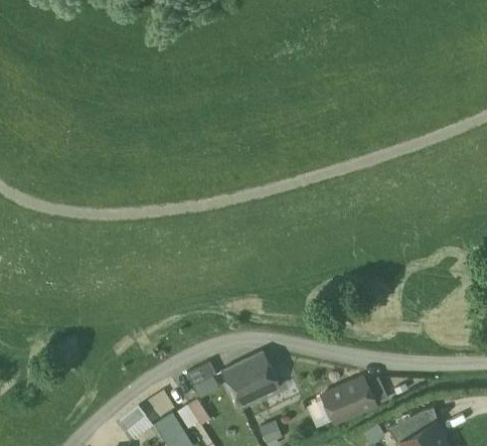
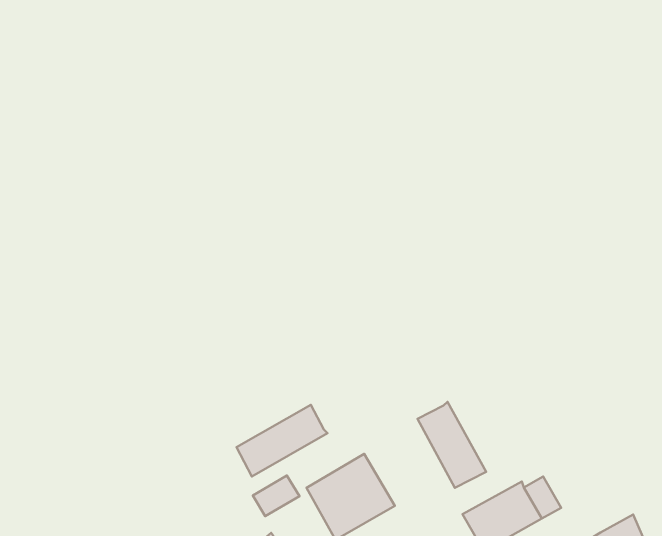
building: none -> [237,405,328,477]
building: none -> [417,402,486,488]

